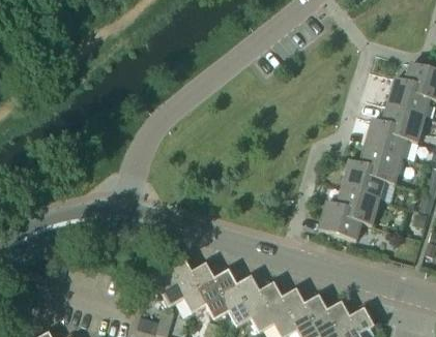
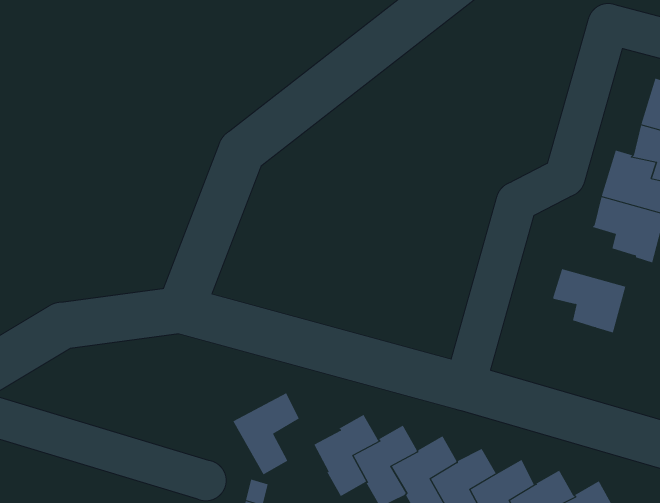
building: [342,160,384,197] -> none
building: [319,201,361,240] -> none
building: [176,265,214,312] -> none

